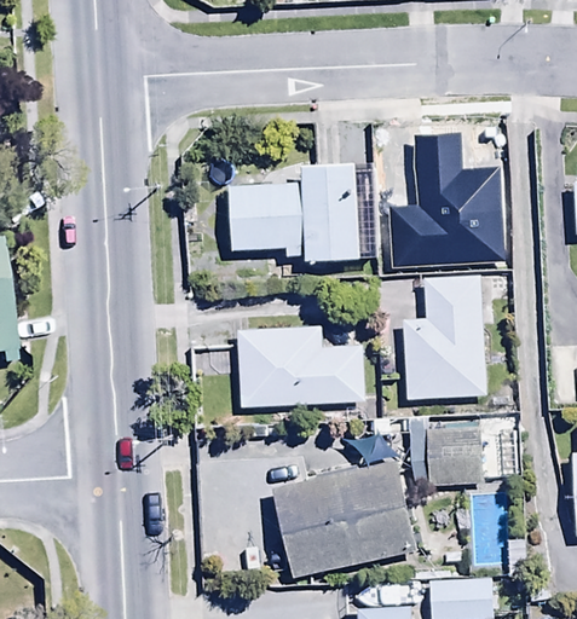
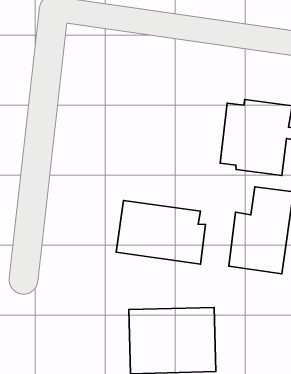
building: [232,163,362,261] -> none
building: [427,427,483,484] -> none

